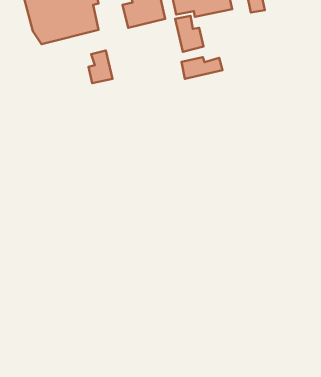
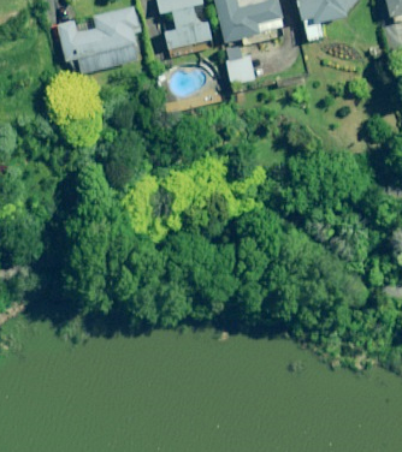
building: [89,50,113,83] -> none
building: [181,57,222,79] -> none

